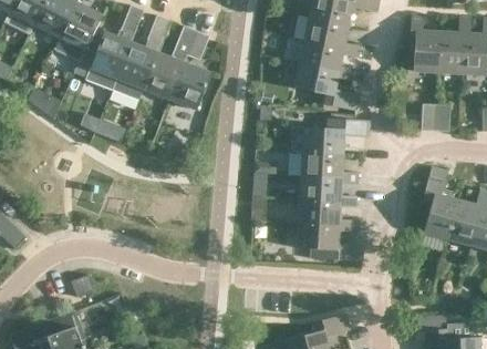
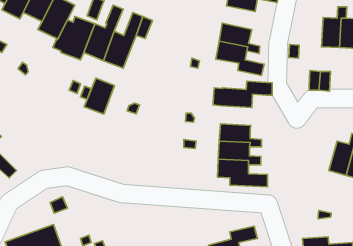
building: [410,16,439,72] -> none
building: [303,17,360,58] -> none
building: [169,62,210,111] -> [84,78,115,114]
building: [294,152,359,185] -> none
building: [422,165,458,239] -> none

